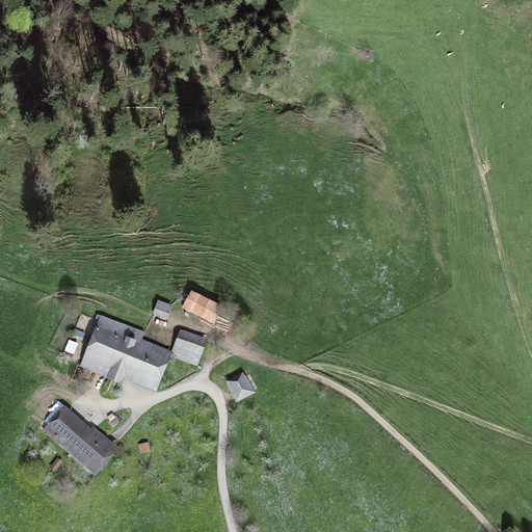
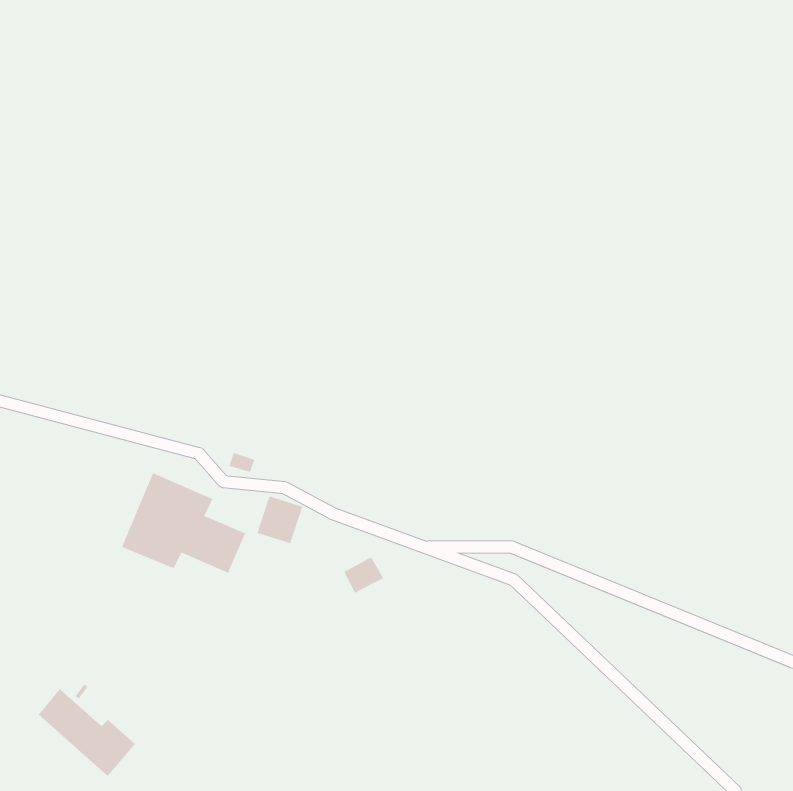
building: [183,291,219,320] -> none
building: [46,409,111,469] -> [38,688,136,777]

